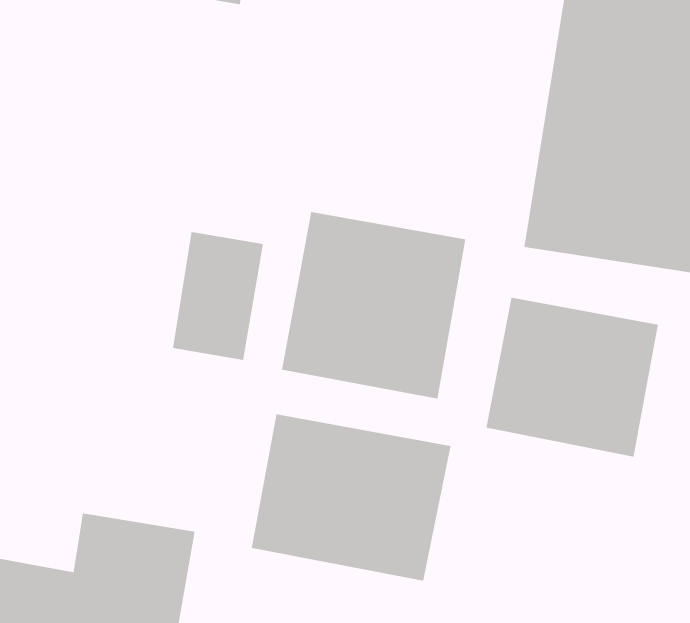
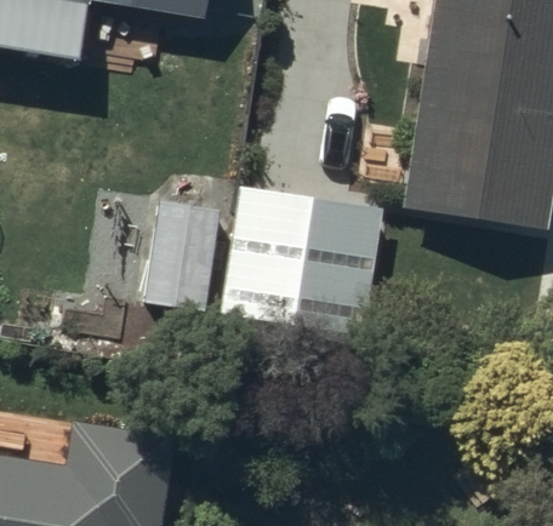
building: [486,297,658,457] -> none
building: [251,413,451,582] -> none

